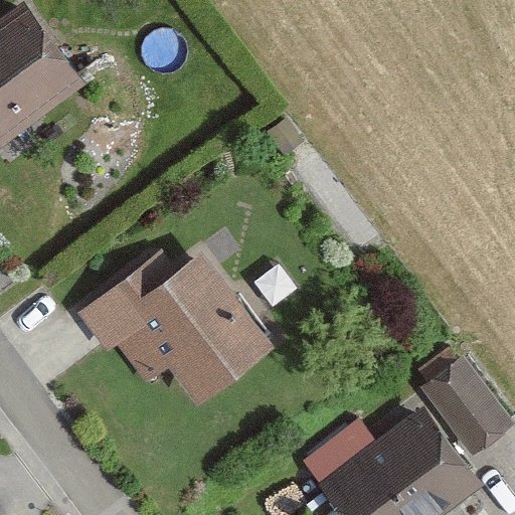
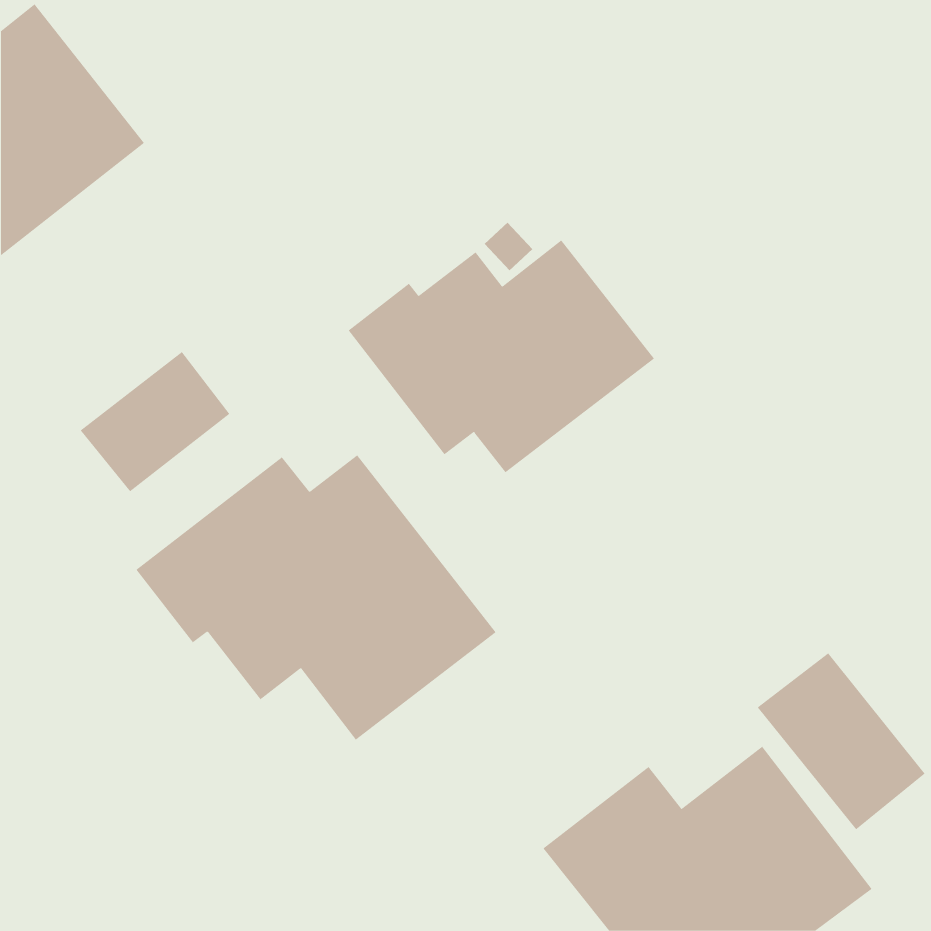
building: none -> [348,239,655,473]
building: none -> [80,351,230,492]

